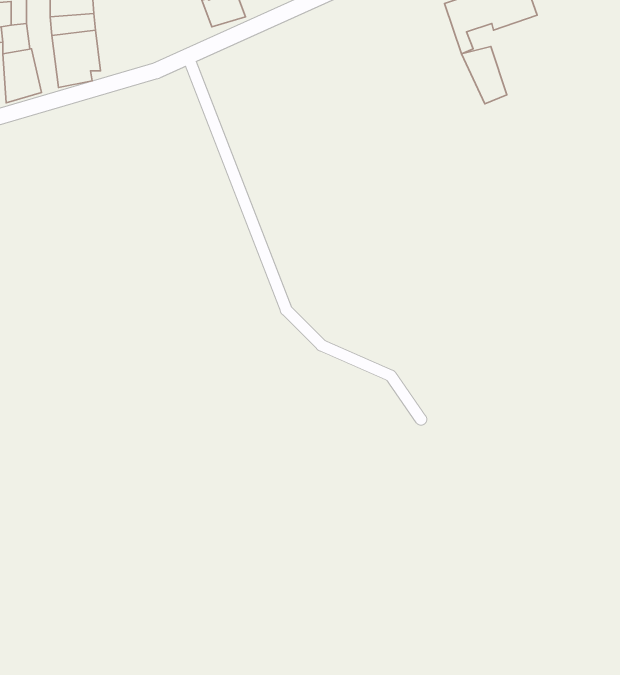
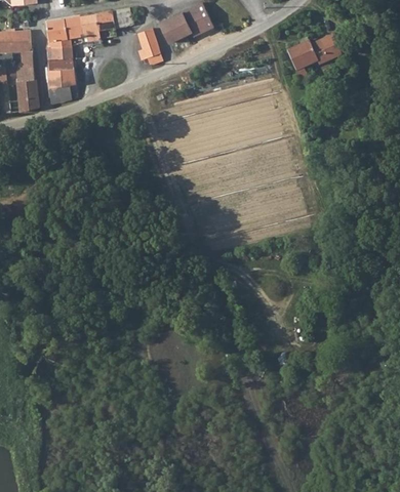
building: [461,46,507,104] -> none

